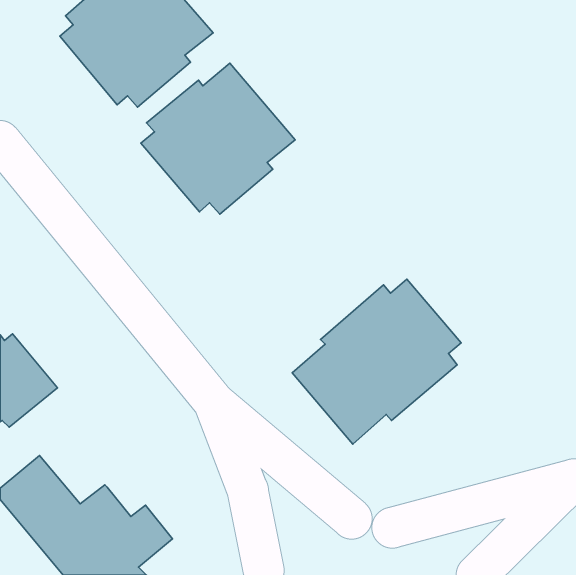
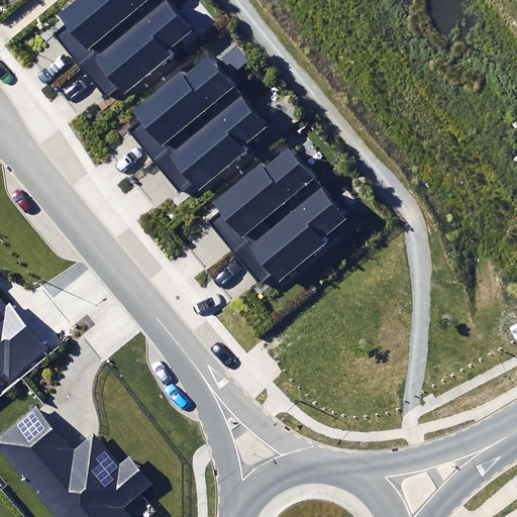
building: none -> [209,148,346,284]
building: [292,279,461,444] -> none

